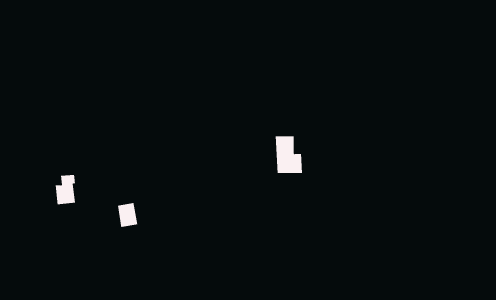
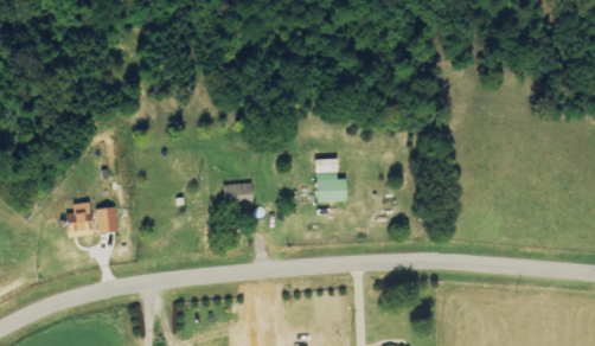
building: none -> [223,182,251,205]
building: [117,203,138,228] -> [95,206,119,235]

